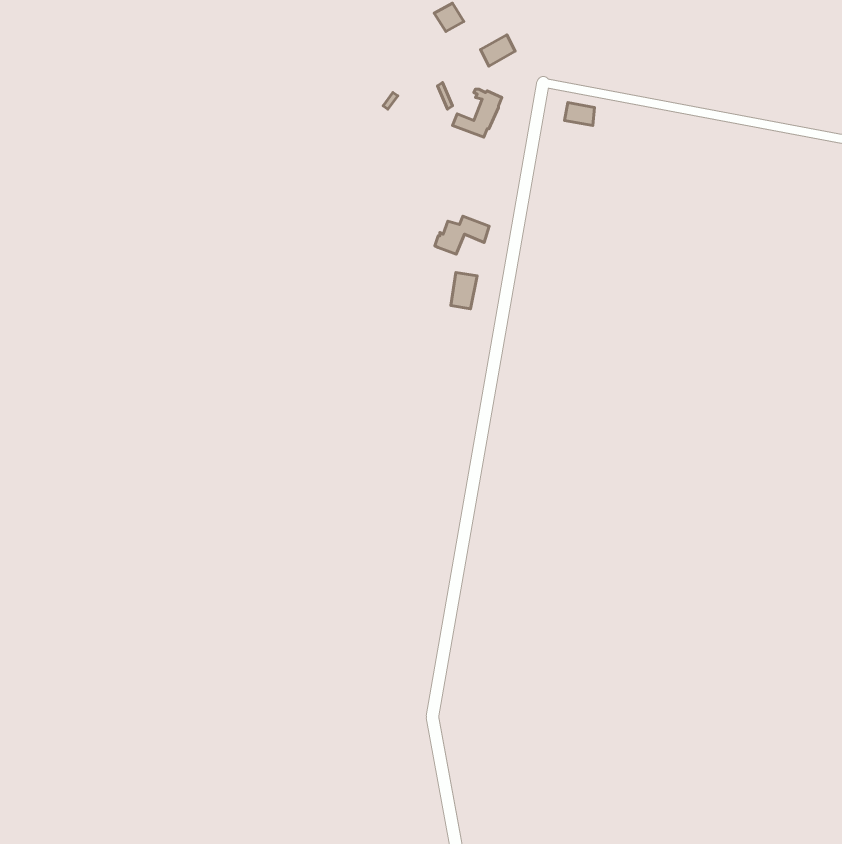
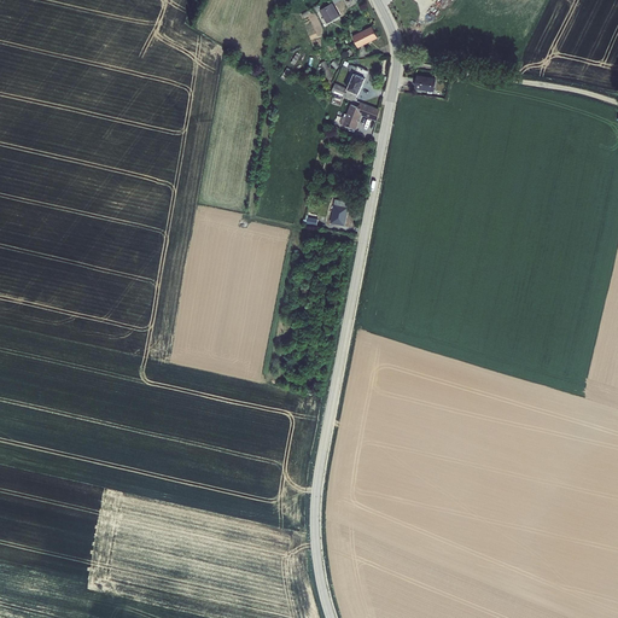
building: [435,216,489,254] -> [339,101,379,129]

